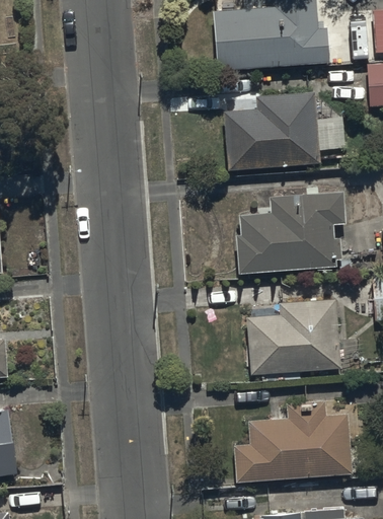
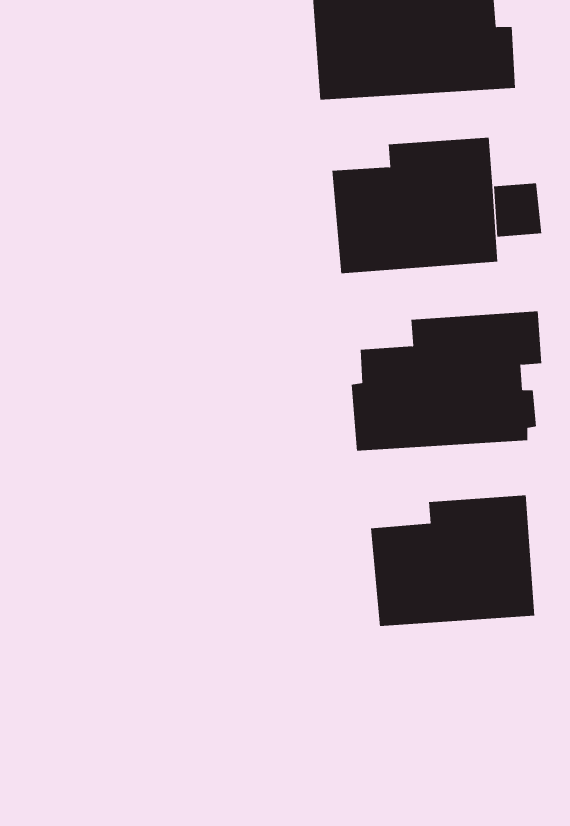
building: [234,401,352,483] -> none

